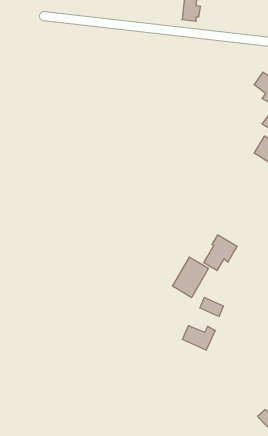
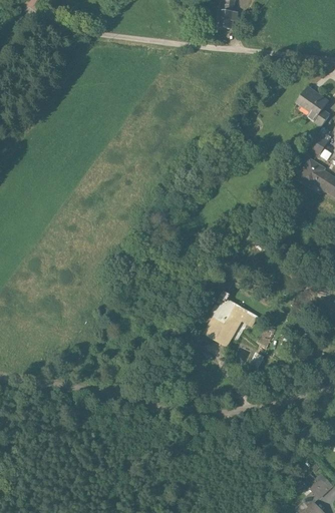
building: [204,235,237,271] -> none
building: [182,325,215,350] -> none

